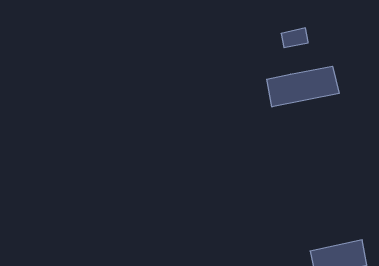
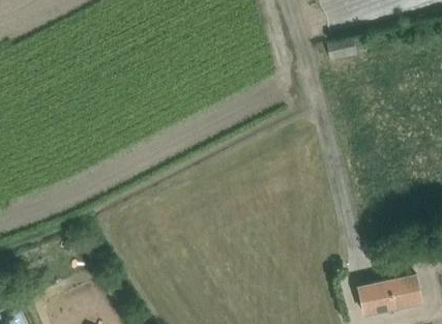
building: [267,66,339,107] -> none

